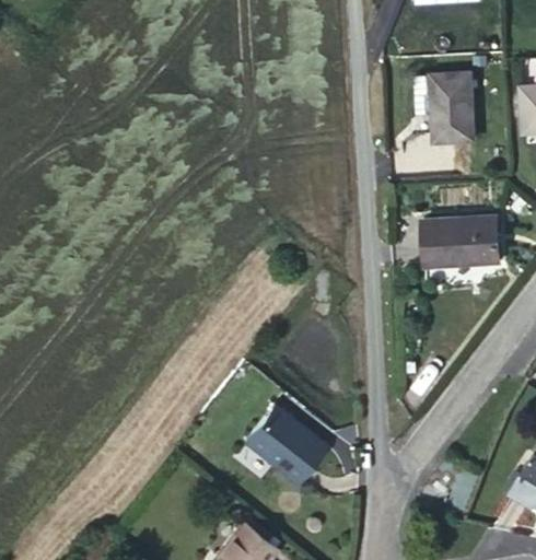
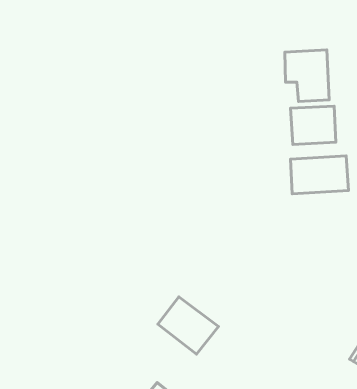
building: none -> [290,106,336,144]

